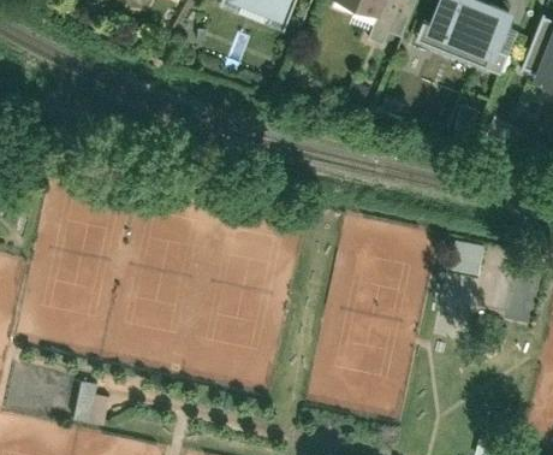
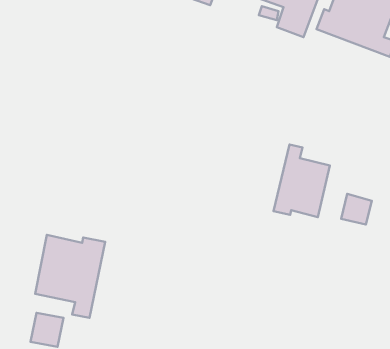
building: none -> [274,144,330,217]
building: none -> [35,235,105,318]

